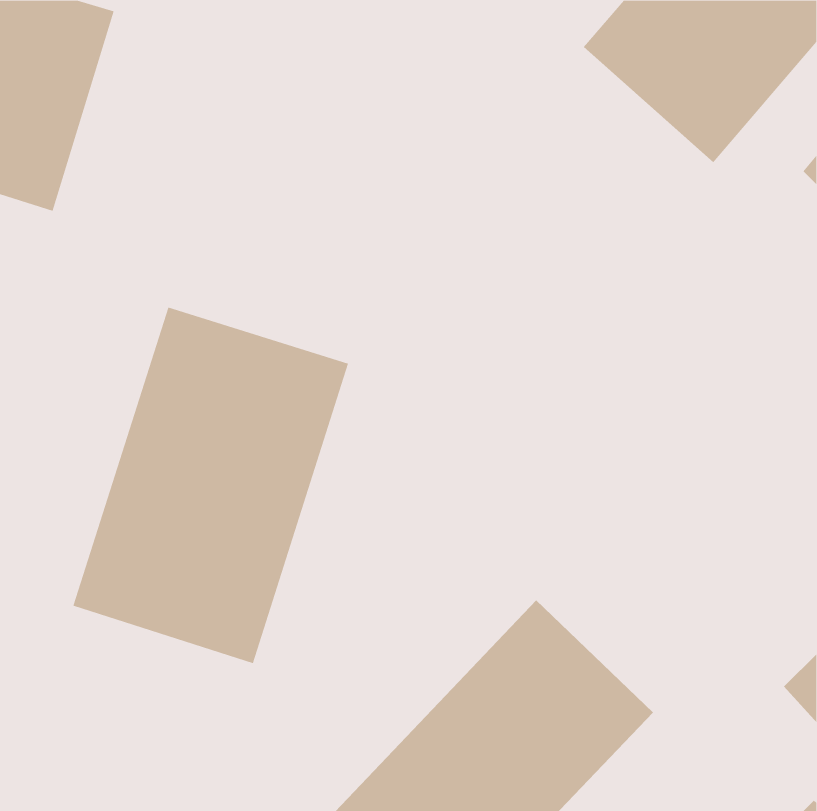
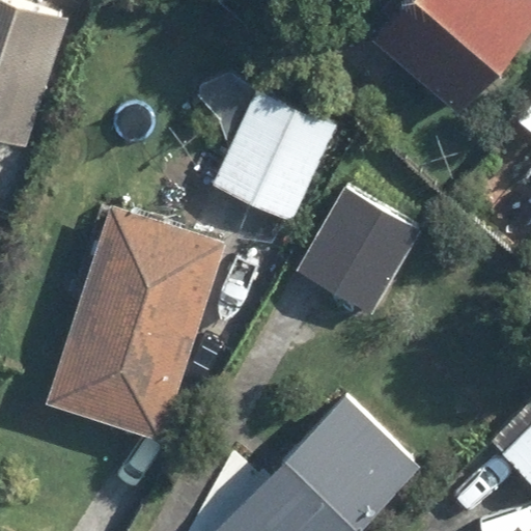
building: none -> [216,91,335,218]
building: none -> [296,194,415,313]

